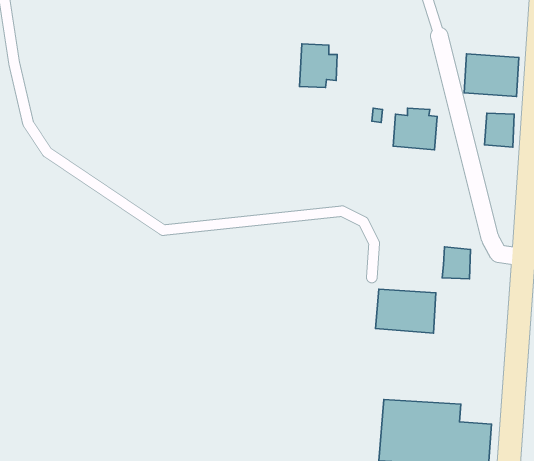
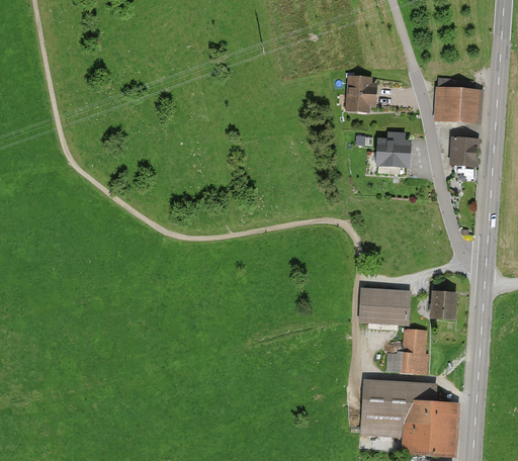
building: [299,44,337,88] -> [345,74,377,111]
building: [442,247,471,279] -> [430,290,454,317]
building: none -> [390,330,427,375]

